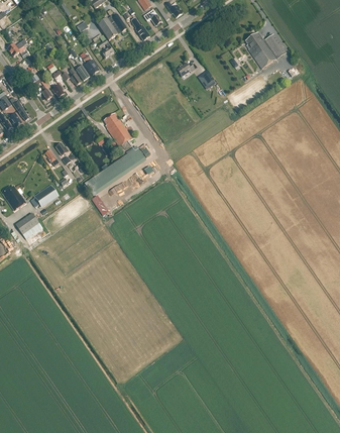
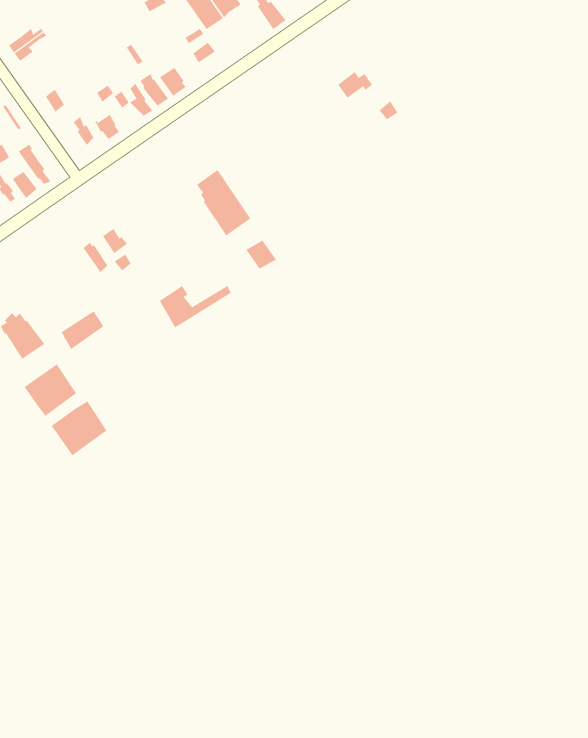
building: [245,31,287,68] -> none
building: none -> [51,400,107,456]

